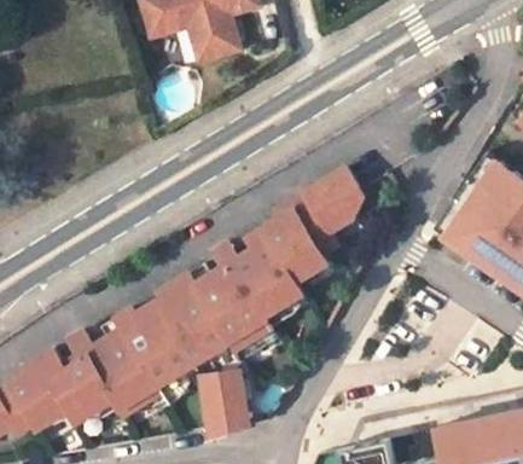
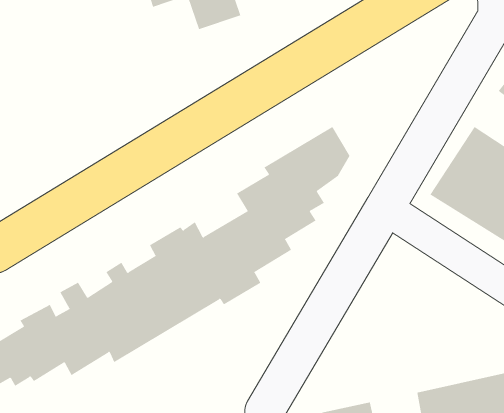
building: [202,366,250,434] -> none

